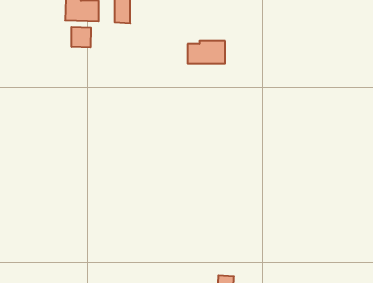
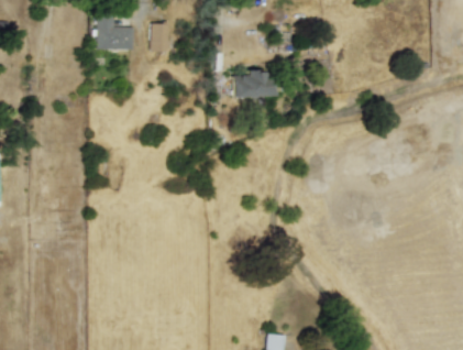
building: [71,27,91,47] -> none

